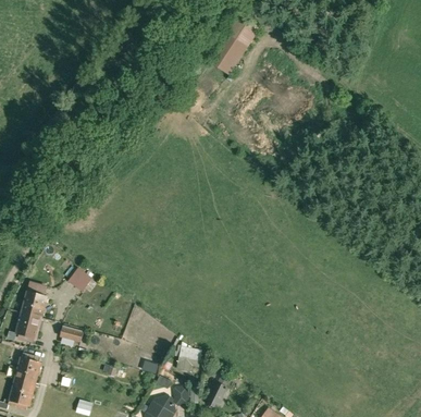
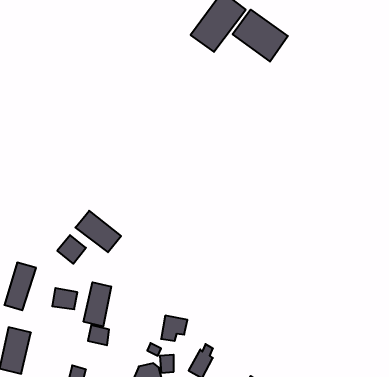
building: none -> [233,10,288,62]
building: none -> [75,211,121,252]
building: none -> [84,282,111,326]

